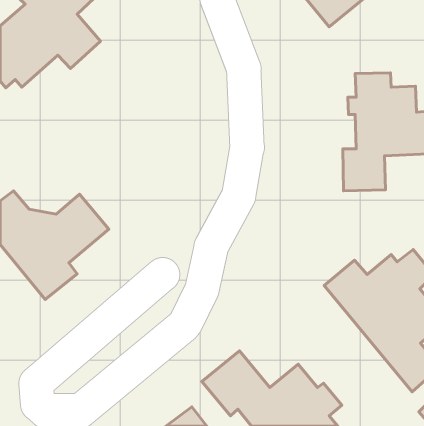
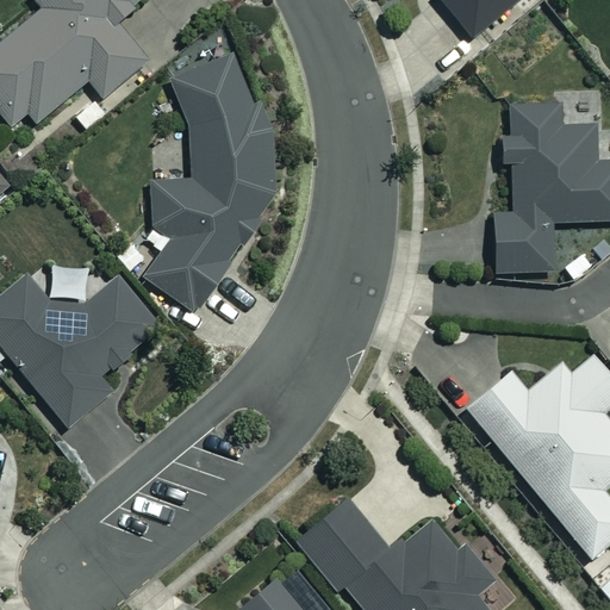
building: none -> [144,63,279,313]

